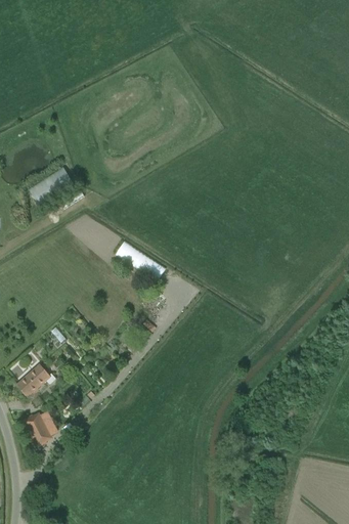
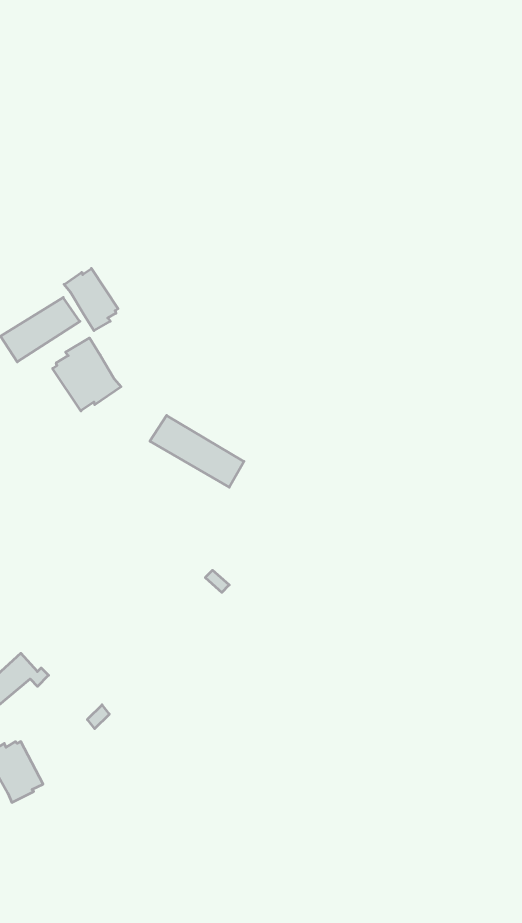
building: none -> [64,268,118,331]
building: none -> [53,338,121,411]

